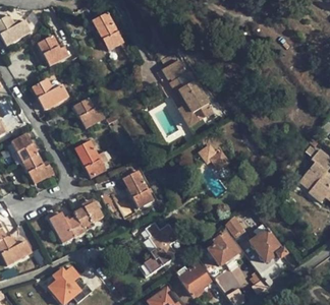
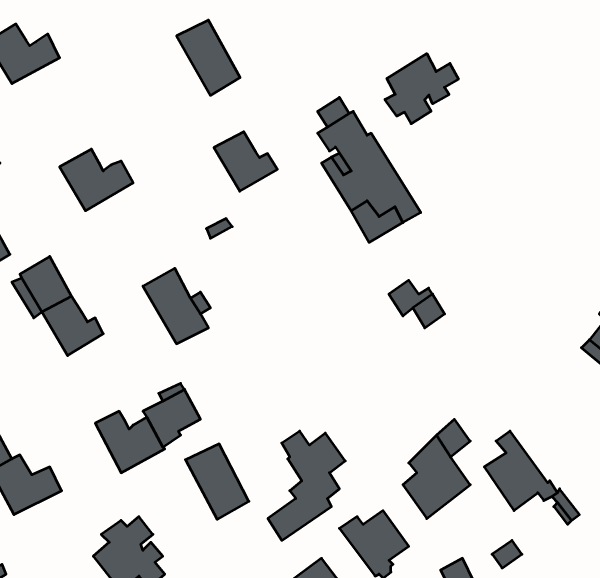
building: none -> [385,54,458,124]
building: [38,36,69,66] -> none
building: [73,98,106,128] -> [214,132,277,191]
building: [122,170,155,208] -> [185,444,249,519]
building: [216,265,246,293] -> none

